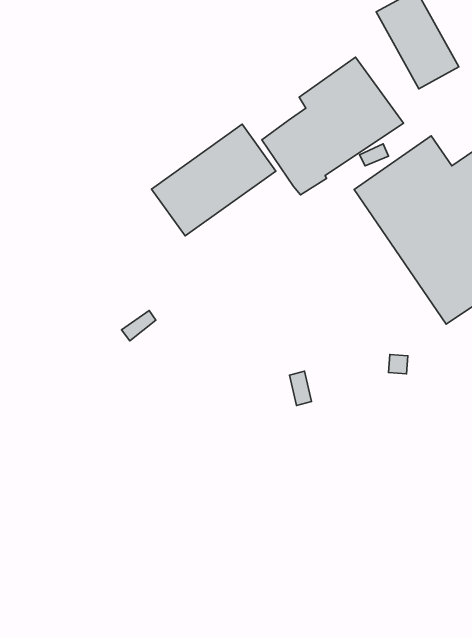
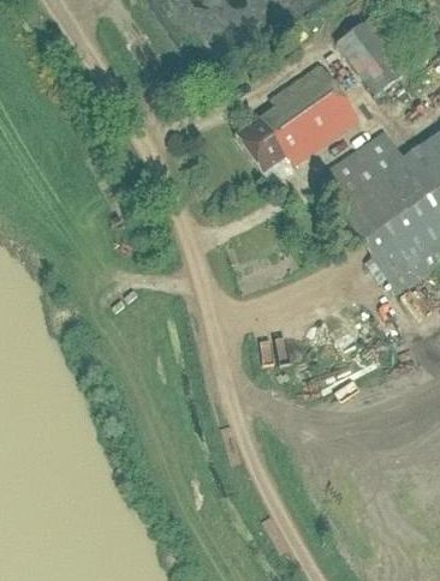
building: [151,124,276,236] -> none

